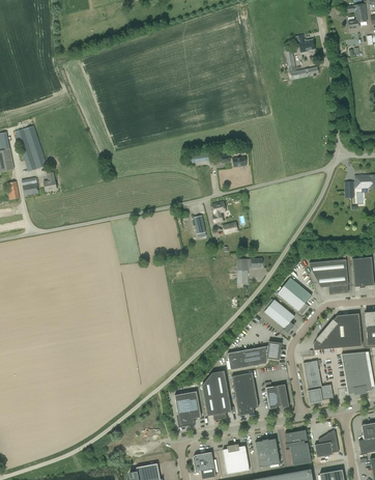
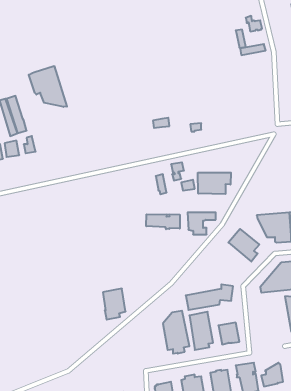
building: none -> [29,66,67,107]
building: none -> [198,173,231,194]
building: none -> [146,214,180,229]
building: [264,299,294,332] -> none
building: [304,360,334,400] -> none
building: [175,390,201,425] -> [103,289,126,320]

